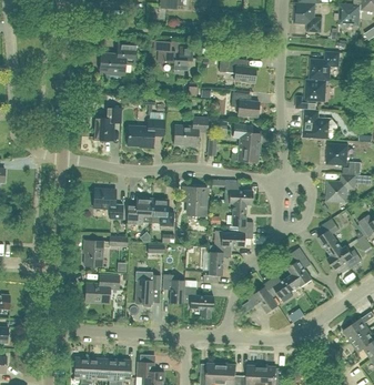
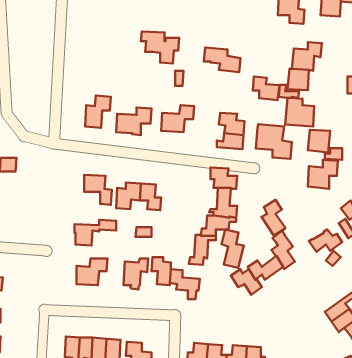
building: [98,42,135,75] -> none
building: [231,92,259,116] -> [253,77,280,100]
building: none -> [256,124,292,159]
building: [182,188,206,215] -> none
building: [317,219,342,255] -> [262,200,285,235]
building: none -> [222,229,244,268]

